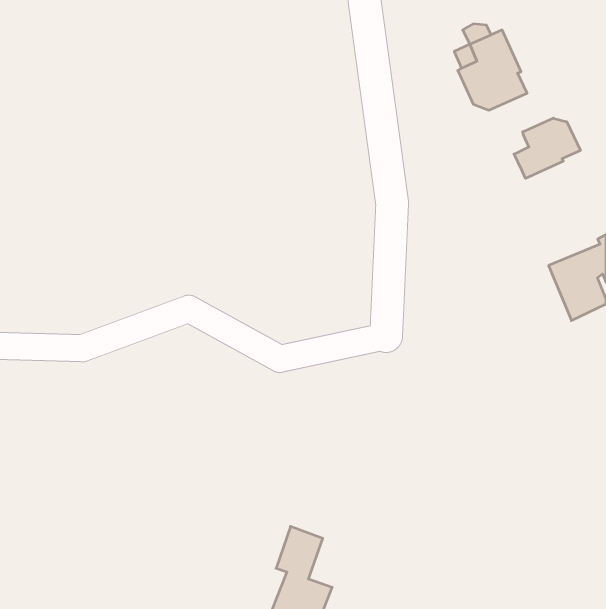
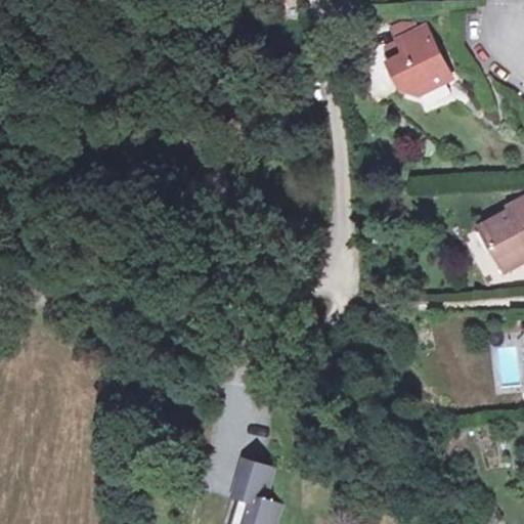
building: [514,118,580,178] -> none

